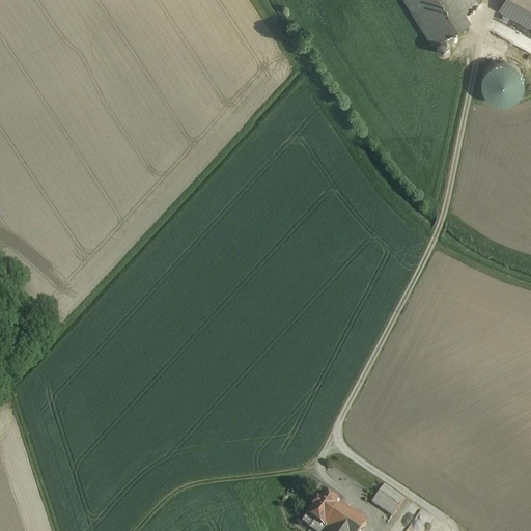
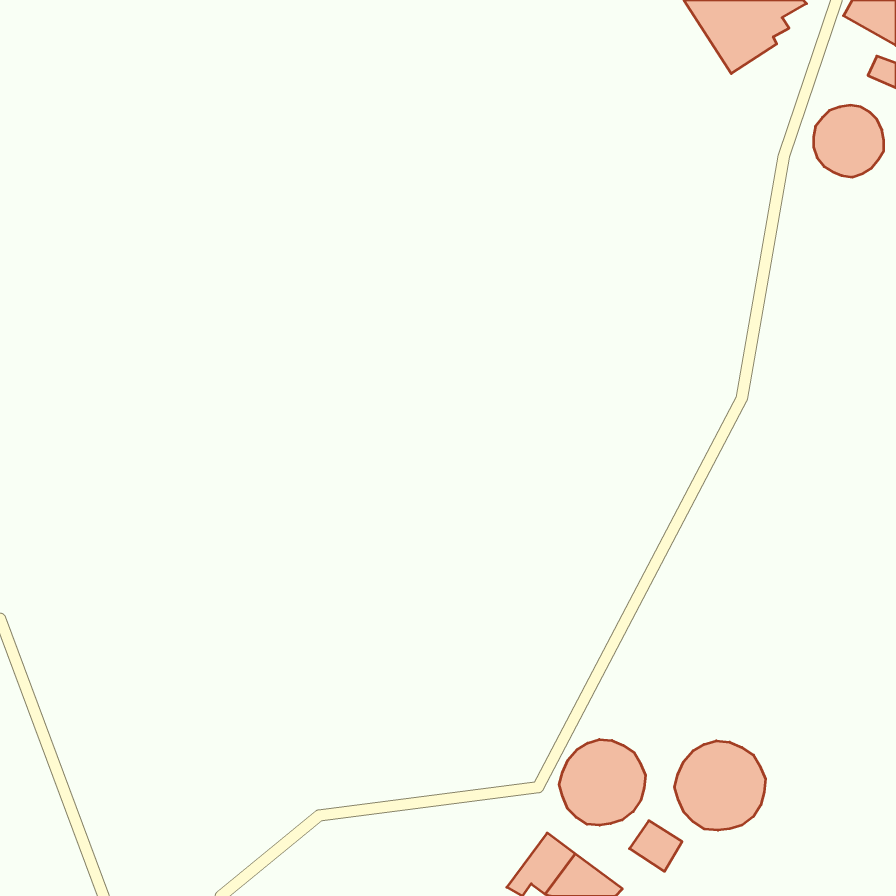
building: none -> [559,739,645,825]
building: none -> [675,741,766,830]

